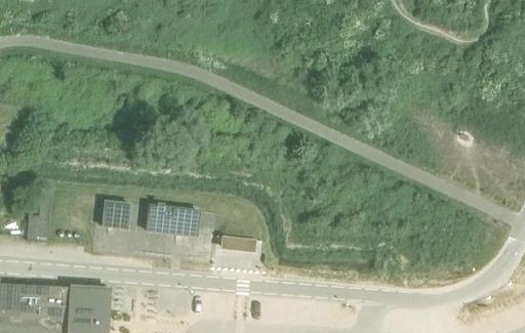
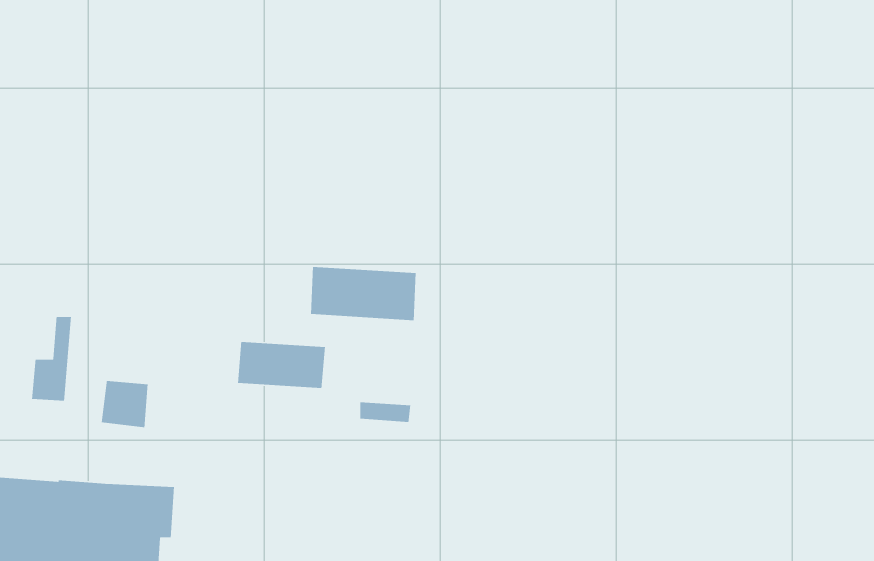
building: none -> [310,266,417,321]
building: [103,201,130,228] -> [101,380,149,428]

